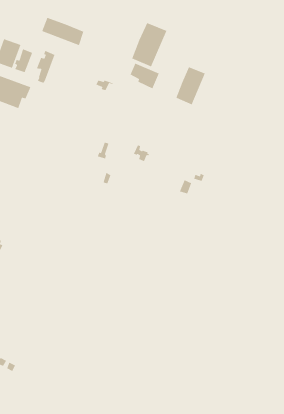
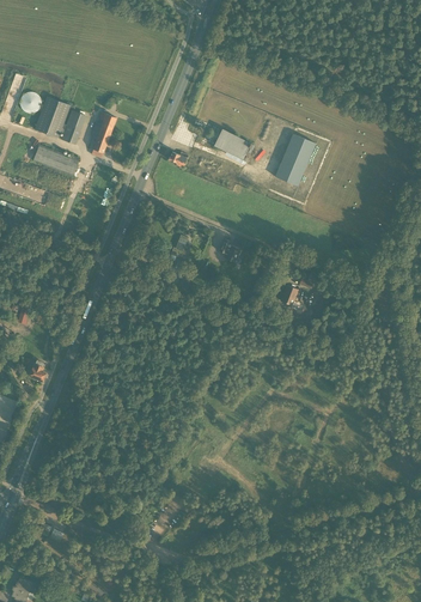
building: [41,17,85,46] -> none
building: [131,22,168,68] -> none

